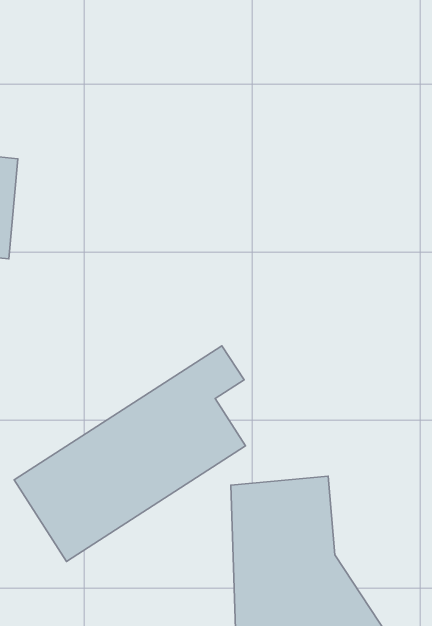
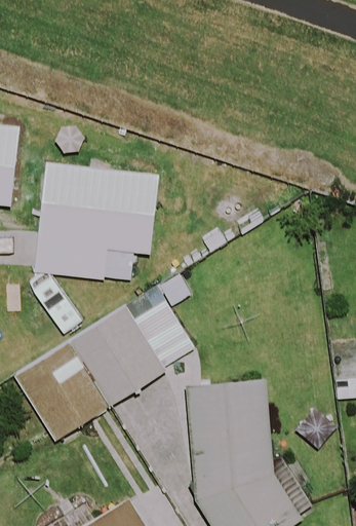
building: none -> [32,163,157,281]

